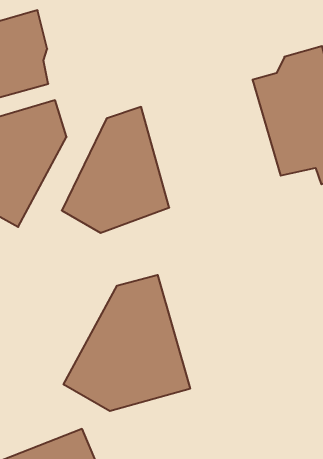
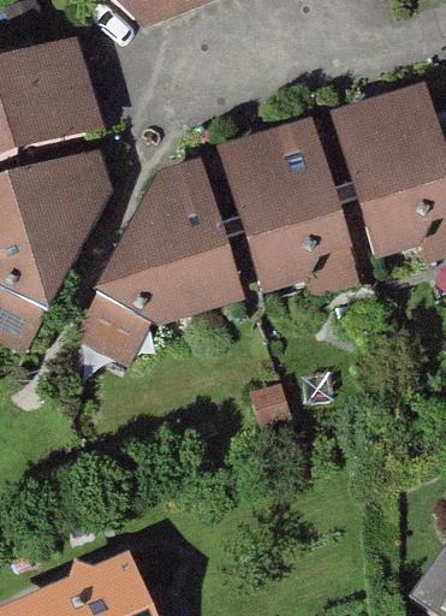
building: none -> [224,119,345,278]
building: [64,275,190,411] -> none

